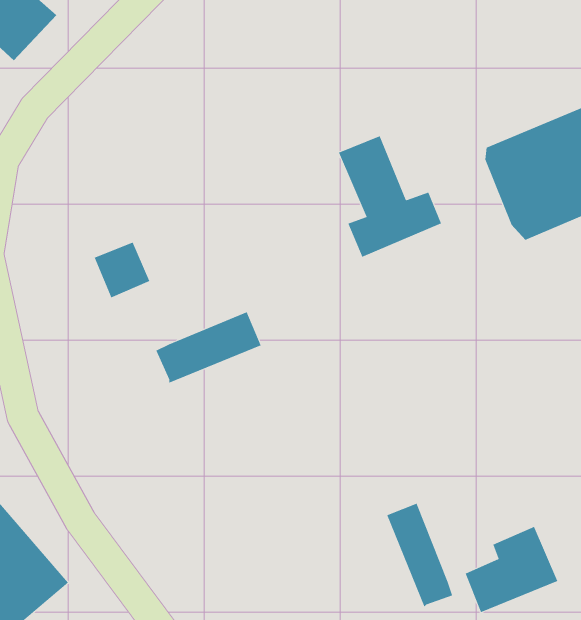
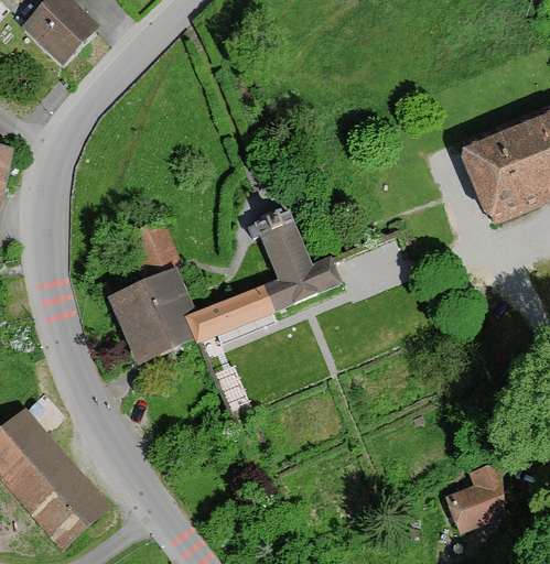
building: [338,136,442,257] -> [254,207,341,310]
building: none -> [106,263,195,364]
building: [386,503,453,608] -> none

